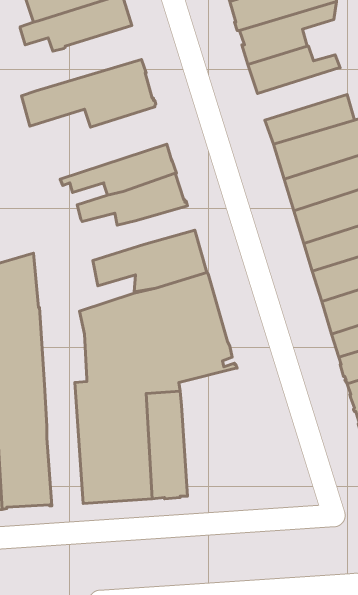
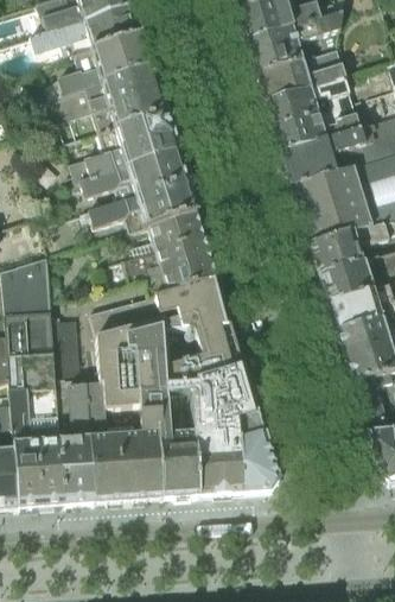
building: none -> [46,33,152,97]
building: none -> [266,75,353,126]
building: none -> [65,113,177,185]
building: none -> [133,210,204,254]
building: none -> [53,316,95,505]
building: none -> [189,369,279,495]

